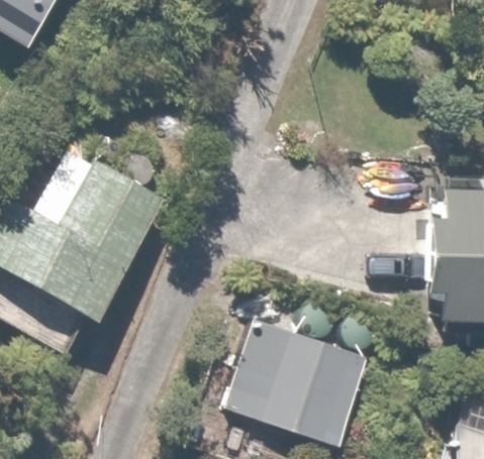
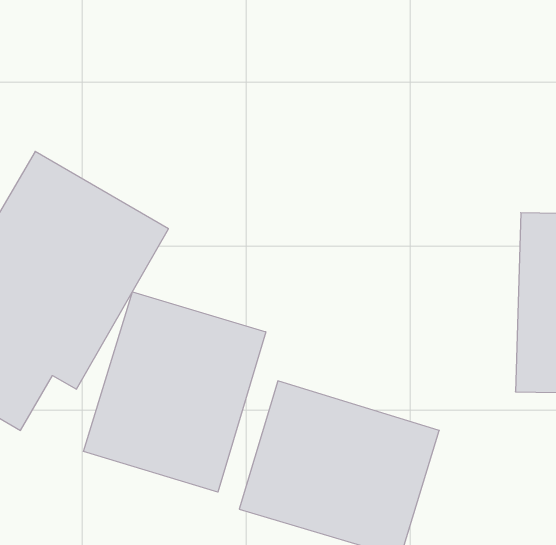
building: none -> [83,292,266,492]

